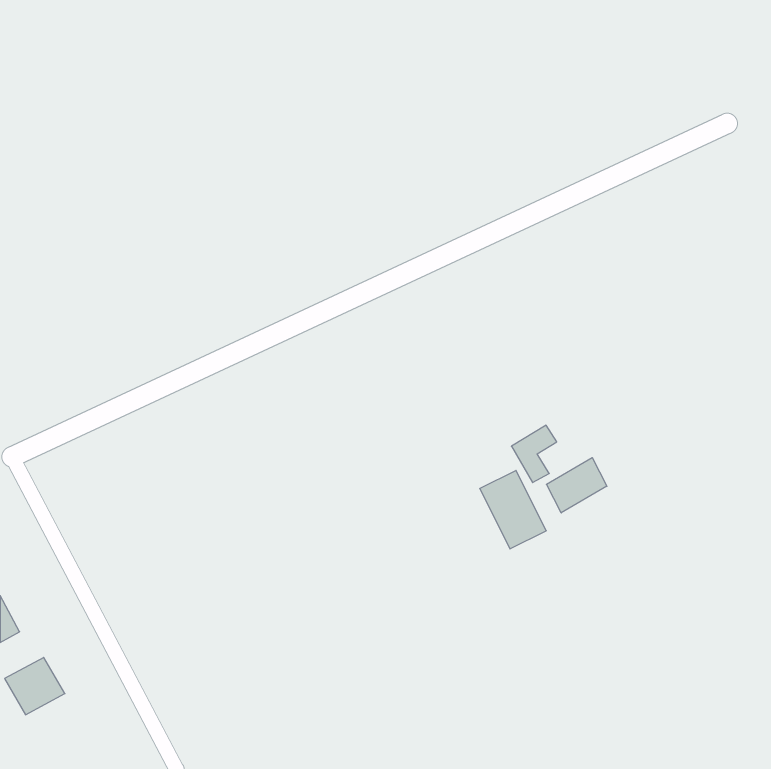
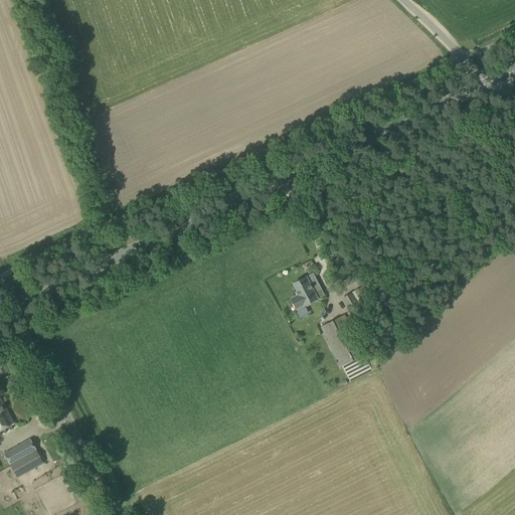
building: none -> [290,273,324,316]
building: [546,458,607,513] -> none

